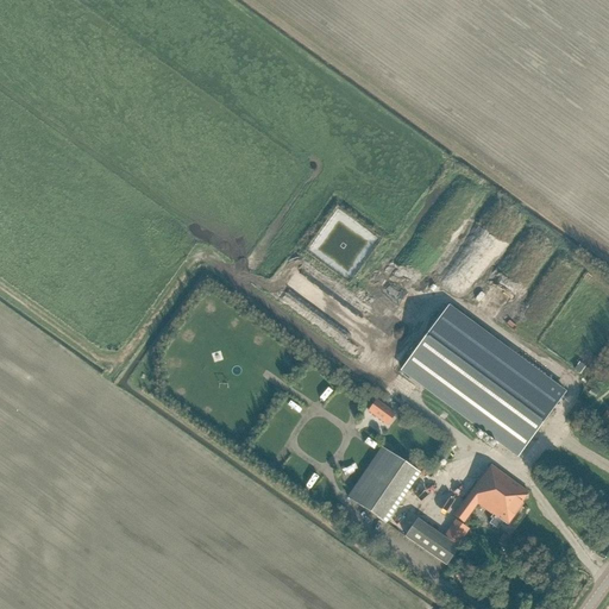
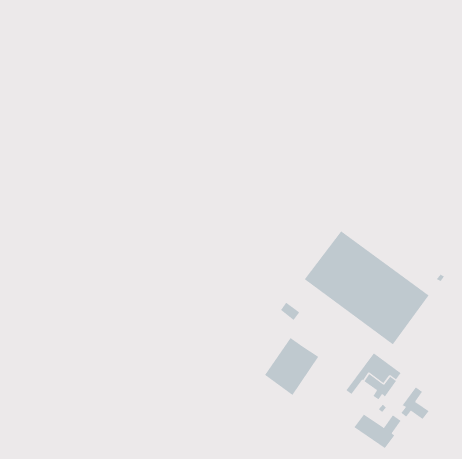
building: none -> [400,387,430,420]
building: [404,516,467,563] -> [354,414,402,449]

